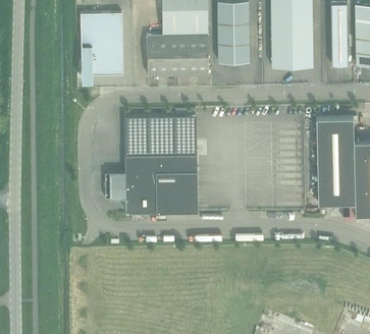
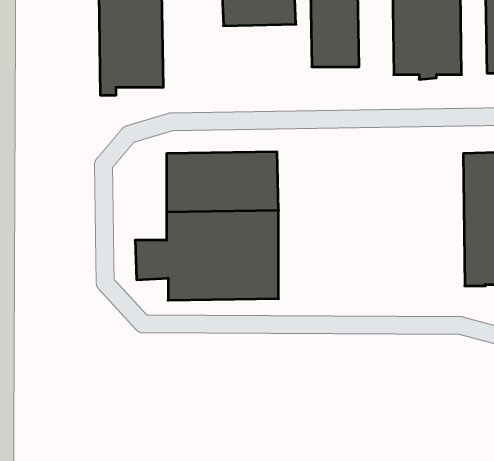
building: [147,33,208,74] -> none

